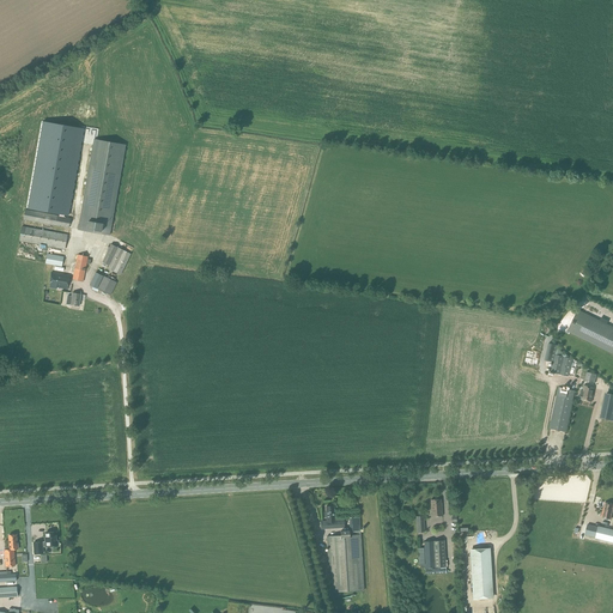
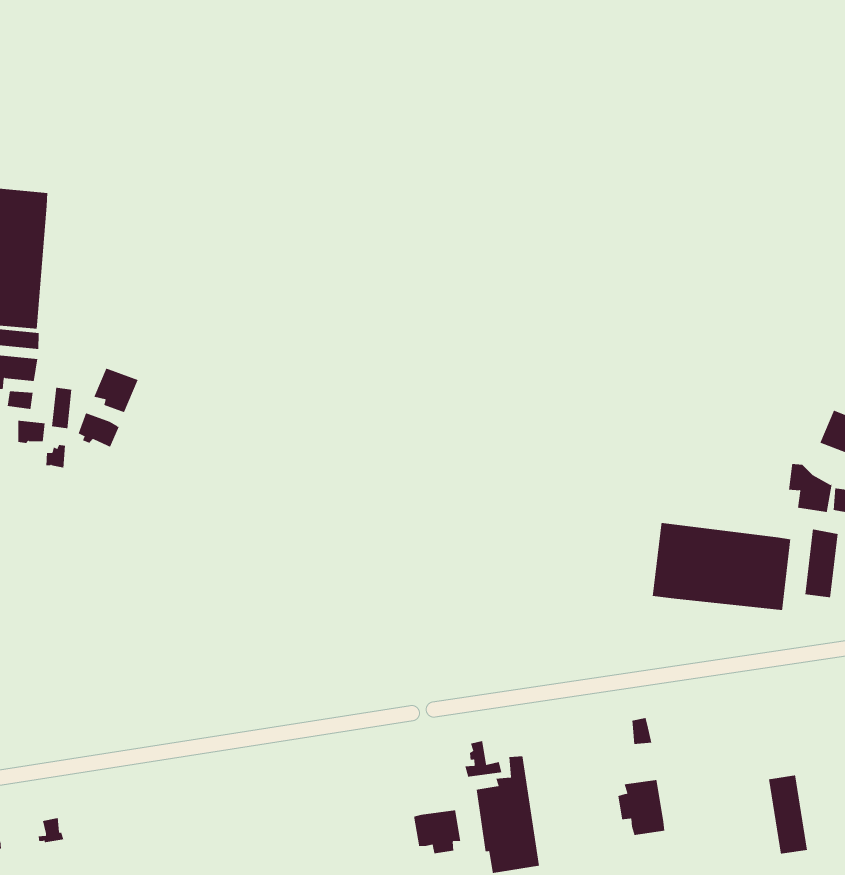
building: [78,138,126,233] -> none
building: none -> [652,522,791,611]
building: none -> [414,809,461,854]
building: [471,547,492,597] -> [768,775,808,854]

